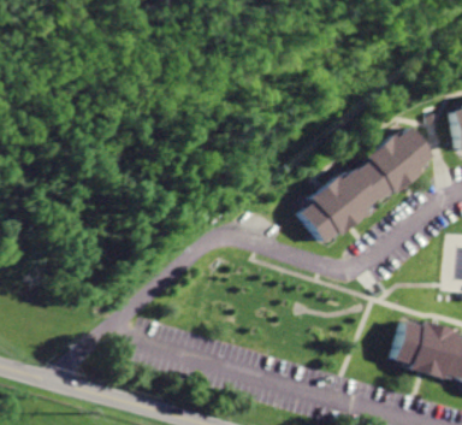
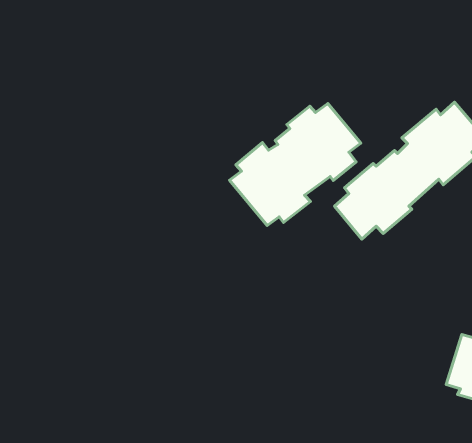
building: none -> [229,104,361,226]

